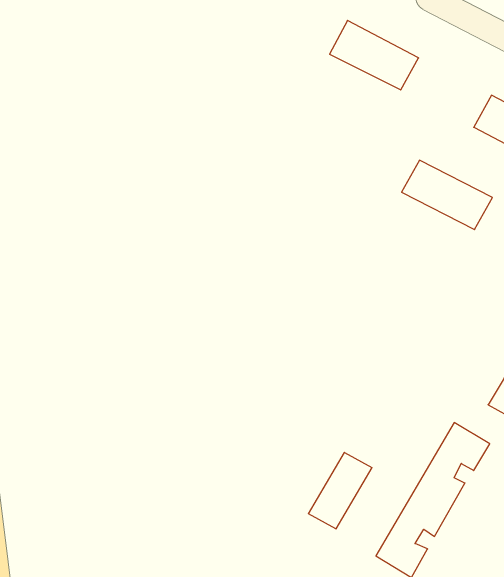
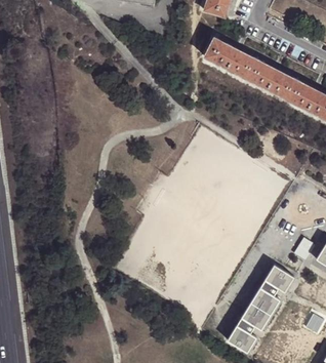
building: [402,160,492,230] -> [241,56,293,96]
building: [308,452,372,529] -> none

